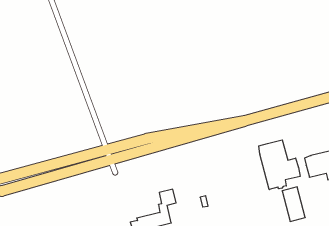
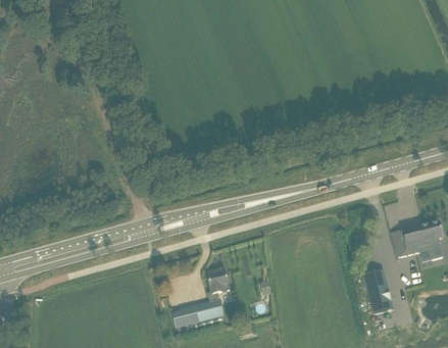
building: [259,140,300,190] -> none

